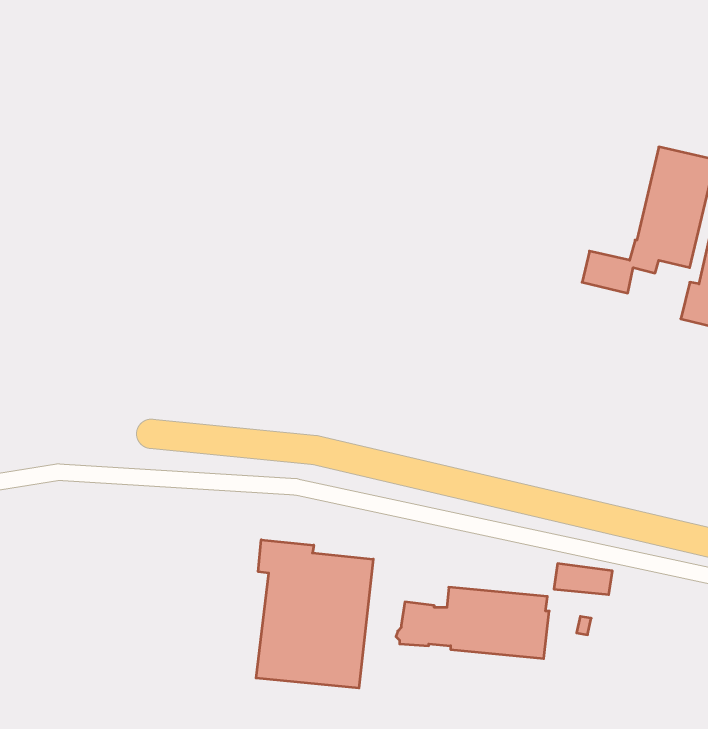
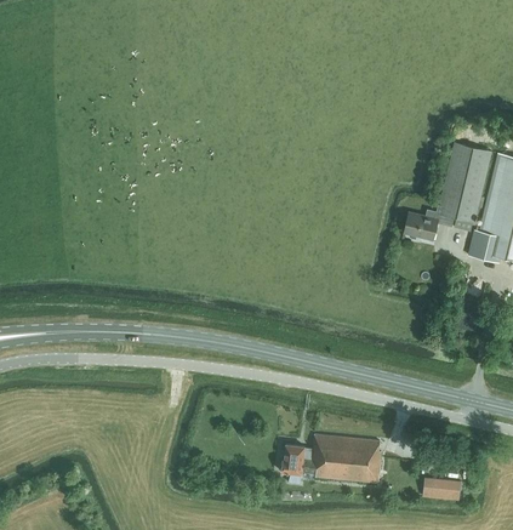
building: [256,540,373,688] -> none
building: [554,564,612,595] -> [422,477,461,497]

